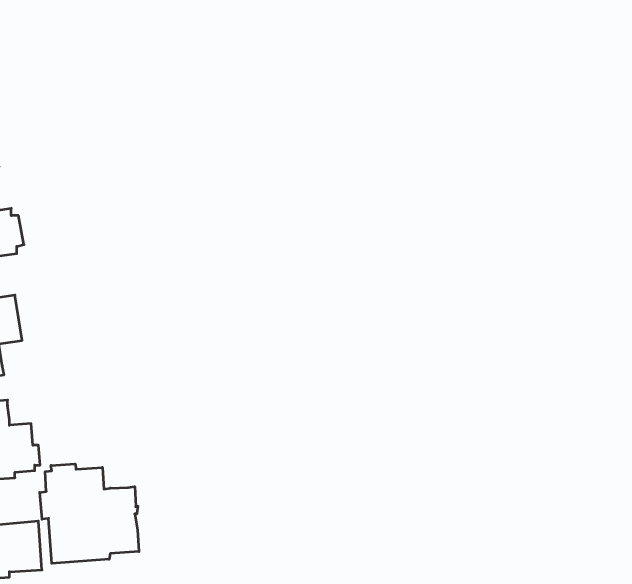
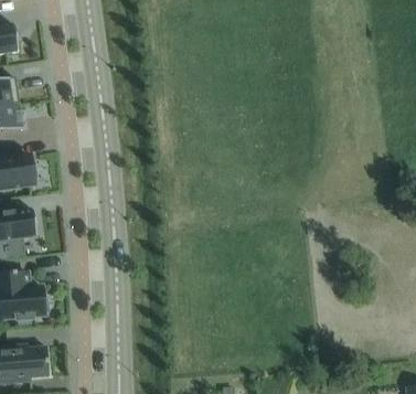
building: [40,464,139,563] -> none

